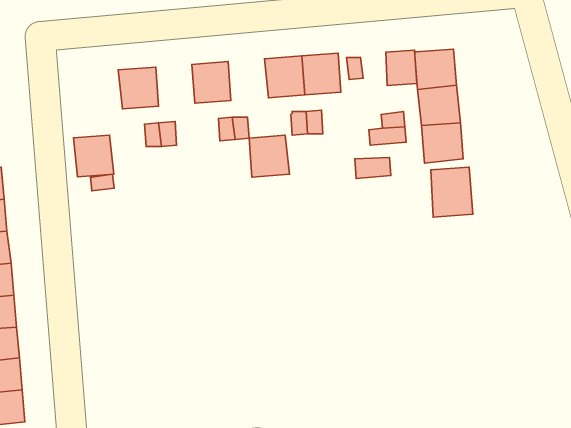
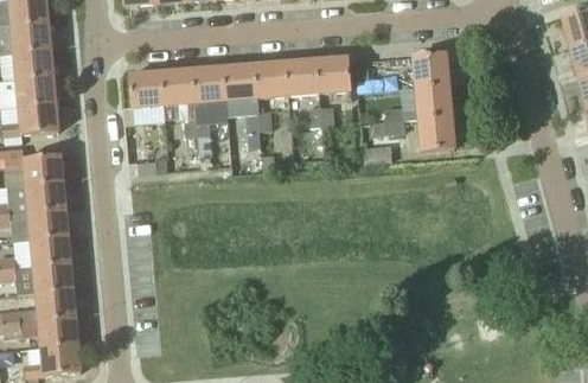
building: [386,50,417,86] -> none
building: none -> [192,66,225,102]
building: [73,135,114,177] -> [129,71,164,107]
building: [249,135,289,177] -> [254,62,288,97]
building: [431,167,473,217] -> none

